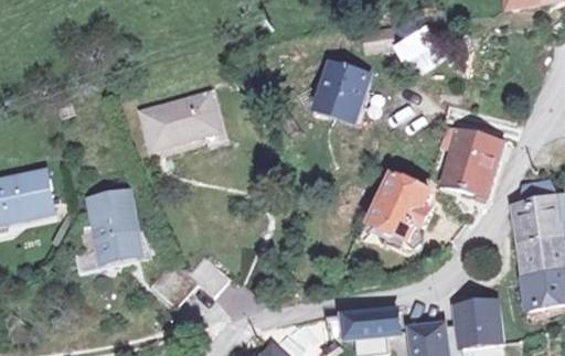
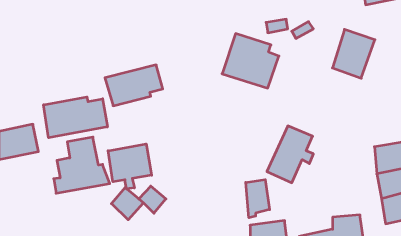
building: [445,129,503,196] -> [332,29,375,78]
building: none -> [44,97,107,138]
building: none -> [108,144,152,189]
building: none -> [246,180,270,218]

